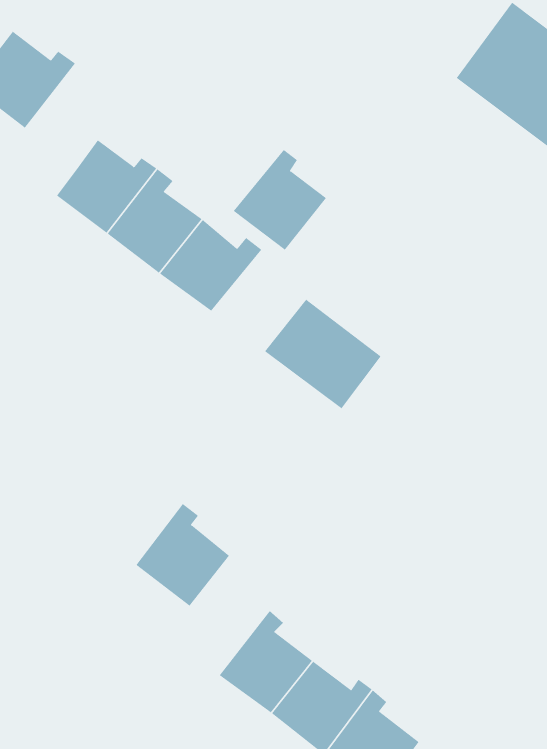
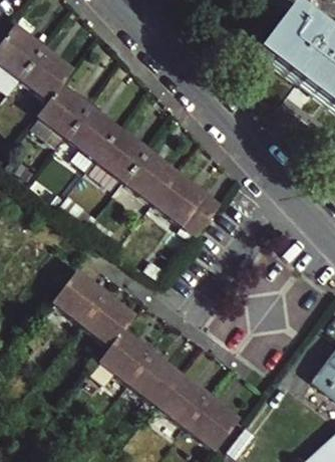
building: none -> [21,43,73,100]
building: [233,149,327,251] -> [124,147,177,203]
building: none -> [54,272,108,321]
building: none -> [99,330,156,383]

